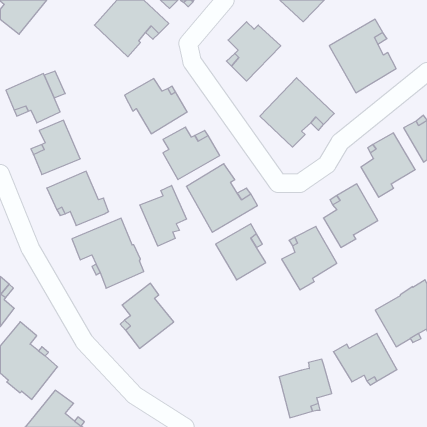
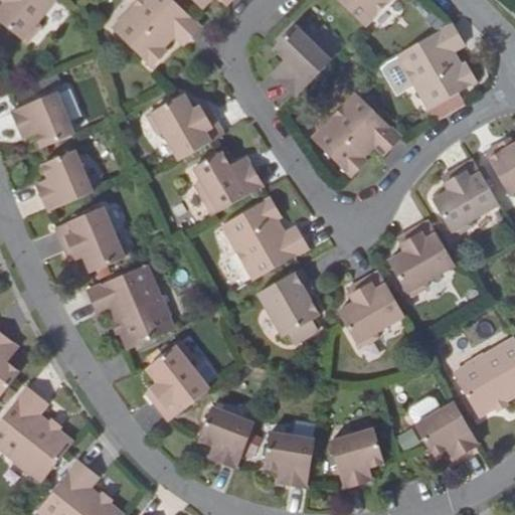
building: [140,185,187,246] -> none
building: none -> [195,403,253,467]
building: none -> [265,431,316,486]

